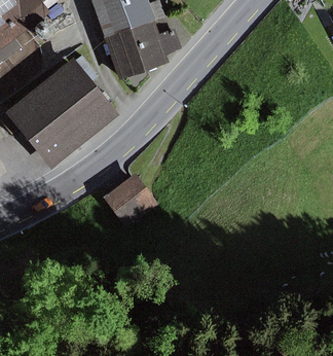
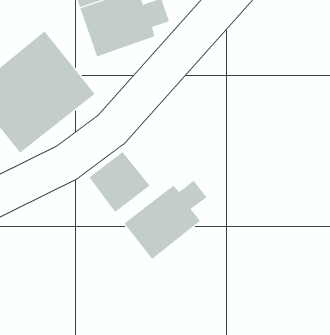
building: none -> [124,180,207,260]

